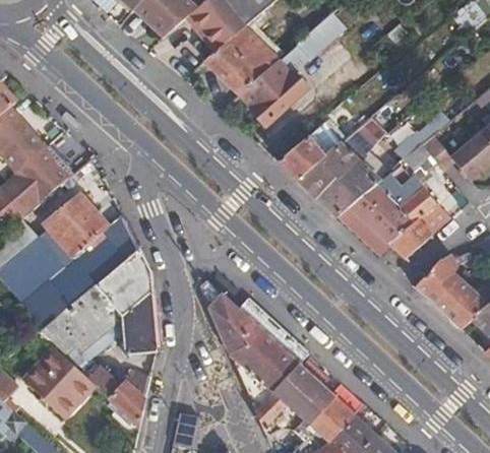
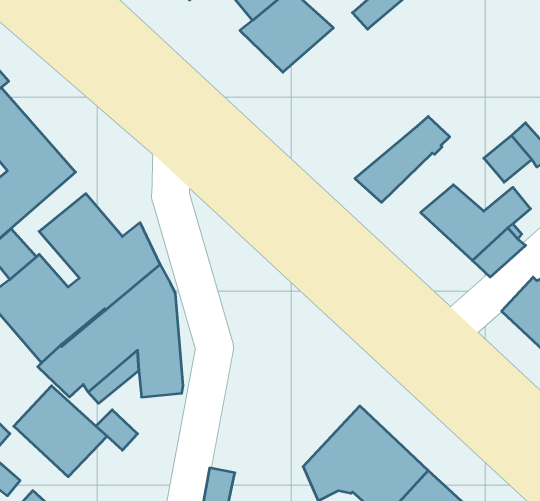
building: [239,59,309,126] -> none
building: [278,119,347,180] -> none
building: [318,159,381,217] -> none
building: [199,278,301,411] -> none
building: [110,372,151,427] -> none

